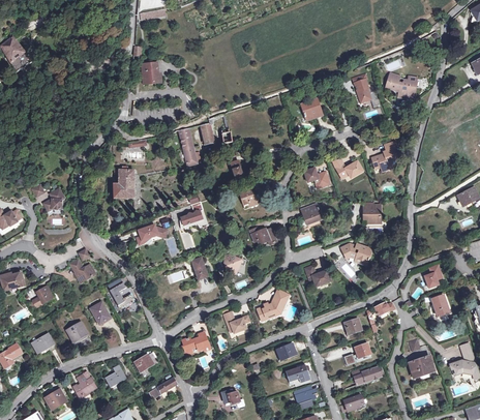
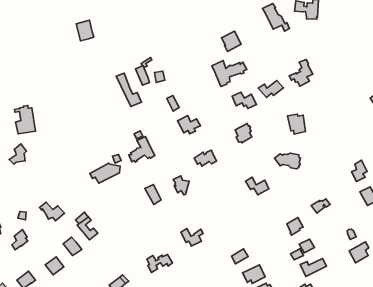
building: none -> [212,61,247,86]
building: [113,168,133,198] -> [15,106,35,134]
building: [257,290,287,318] -> none

